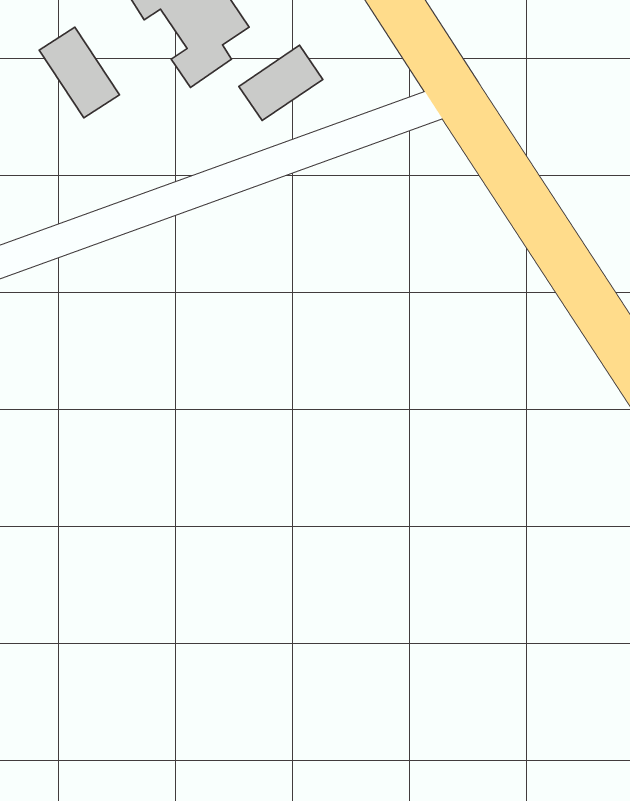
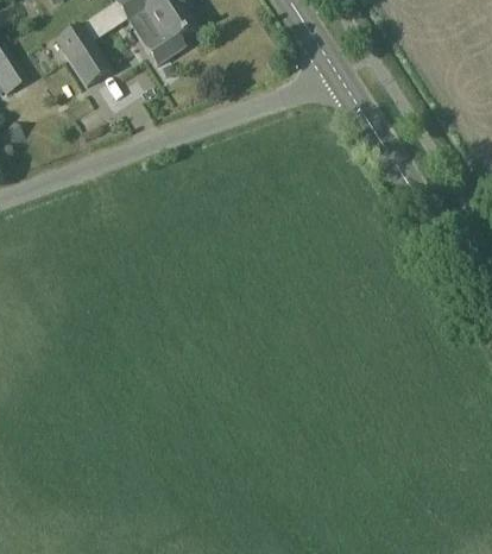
building: [239,45,323,120] -> none

